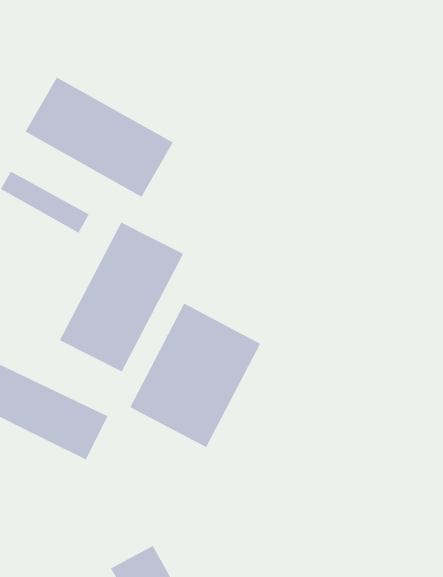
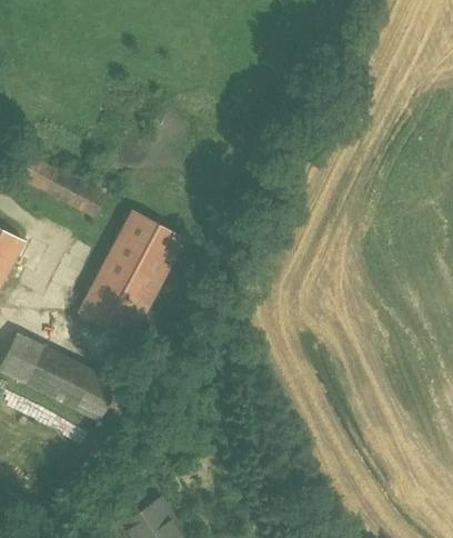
building: [25,76,174,198] -> none
building: [129,303,261,448] -> none

